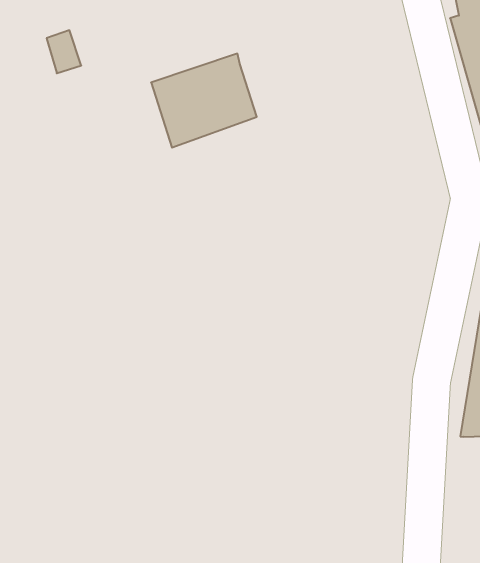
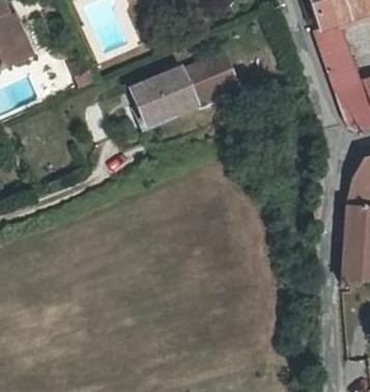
building: none -> [189,51,245,101]

